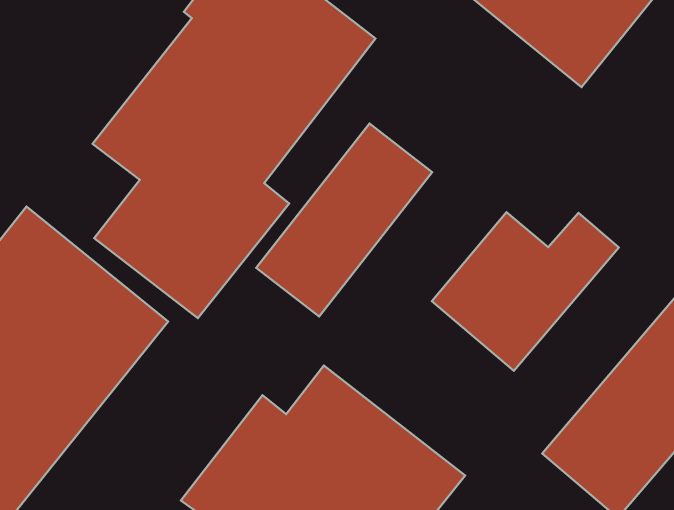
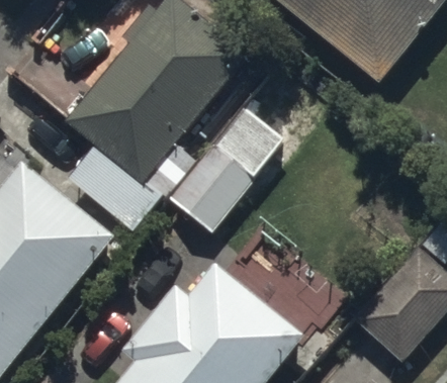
building: [432,212,619,371] -> none

